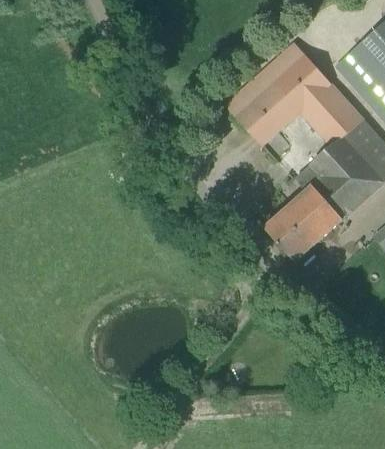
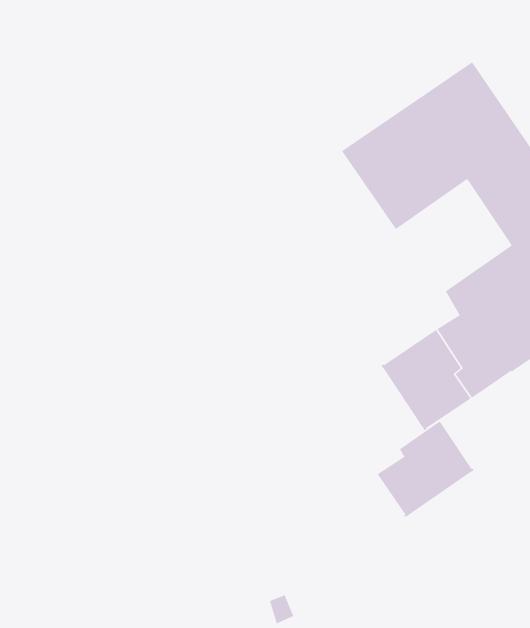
building: none -> [377,421,475,518]

